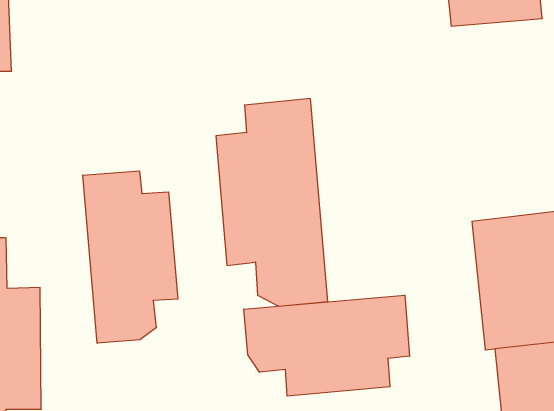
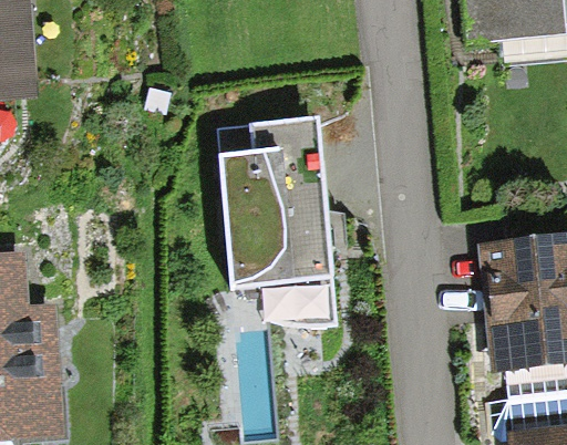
building: [83,171,178,343] -> none
building: [244,295,410,396] -> none

